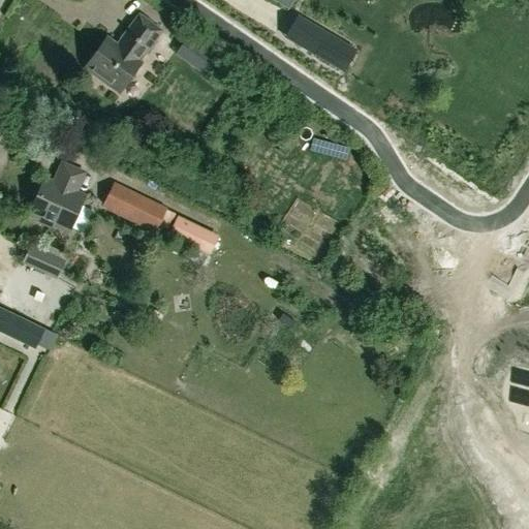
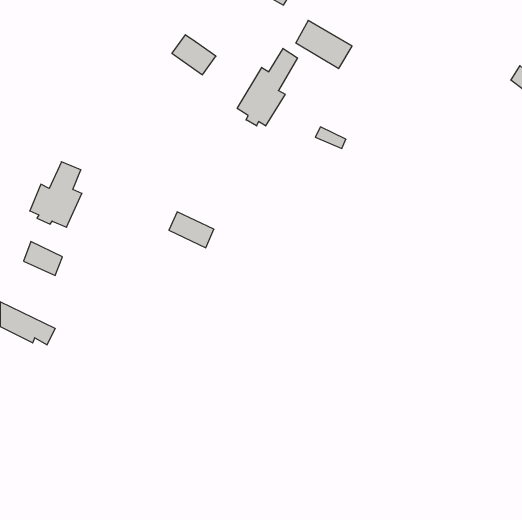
building: [89,15,160,91] -> none
building: none -> [237,48,298,126]
building: [101,180,176,230] -> none

